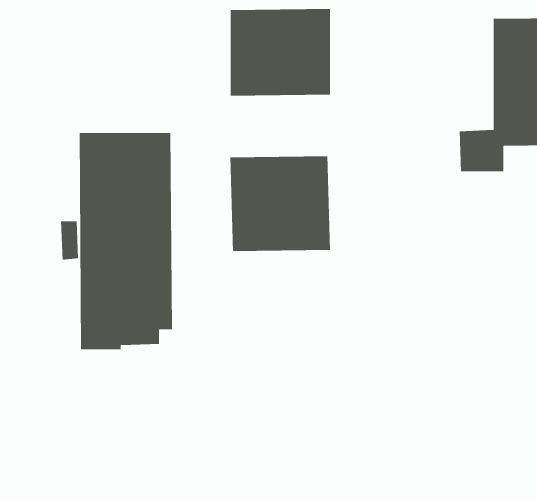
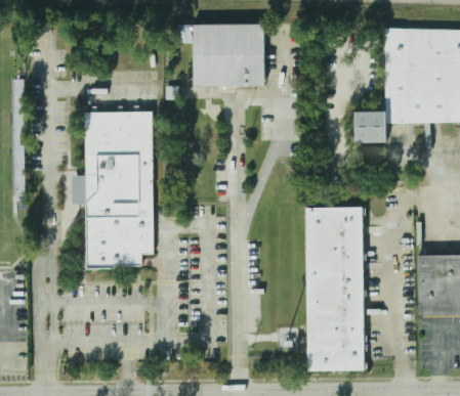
building: [230,156,331,252] -> none
building: none -> [308,205,369,370]

